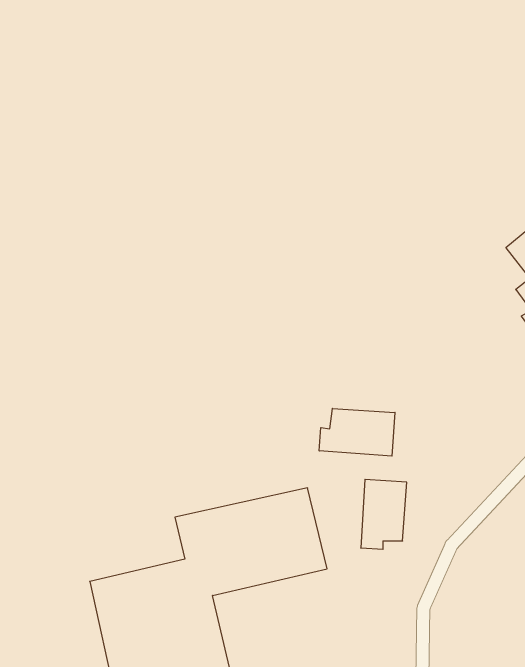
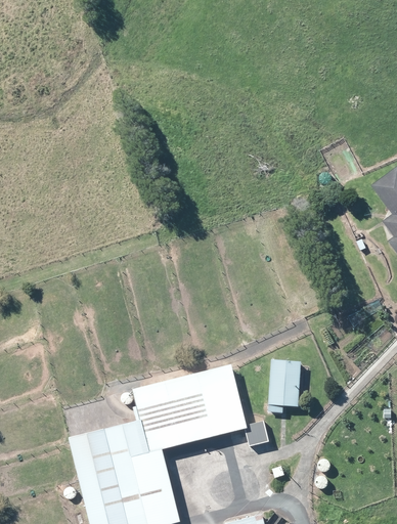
building: [319,408,395,456] -> none
building: none -> [246,424,270,448]

